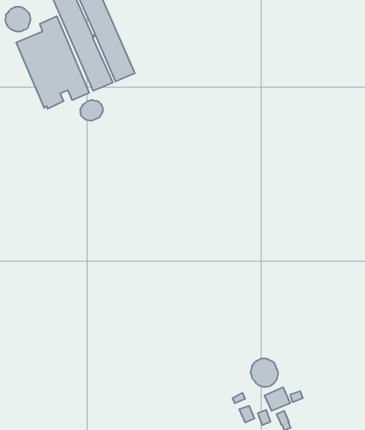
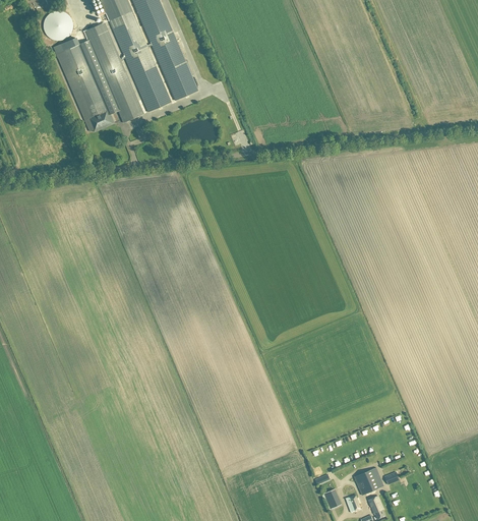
building: [80,100,103,121] -> none
building: [251,358,278,387] -> none

